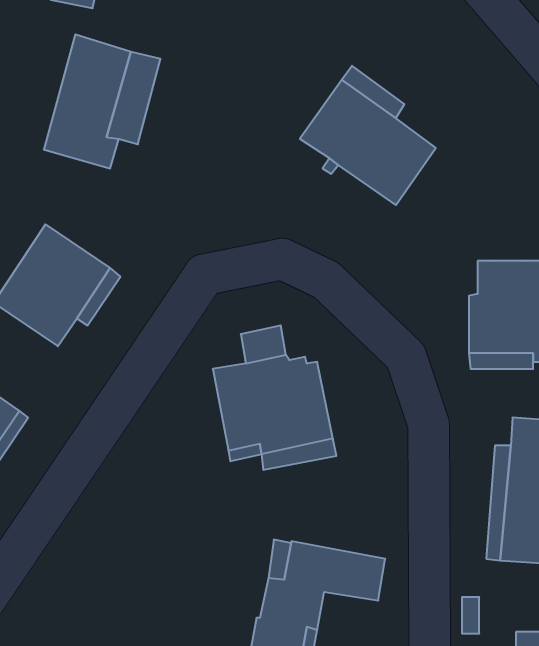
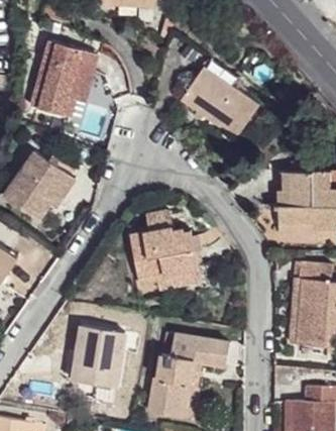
building: none -> [73,327,124,388]

